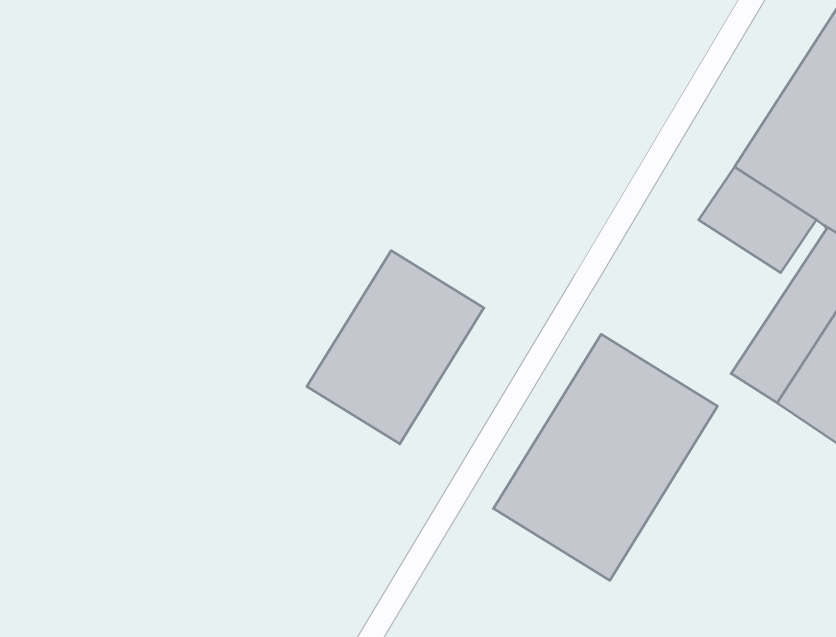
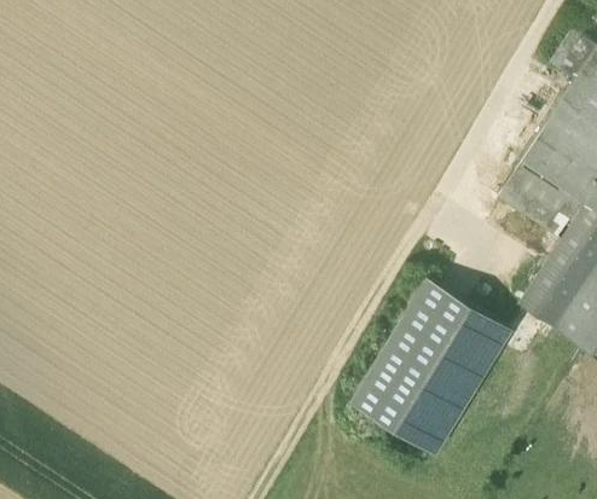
building: [307,251,484,444] -> none

